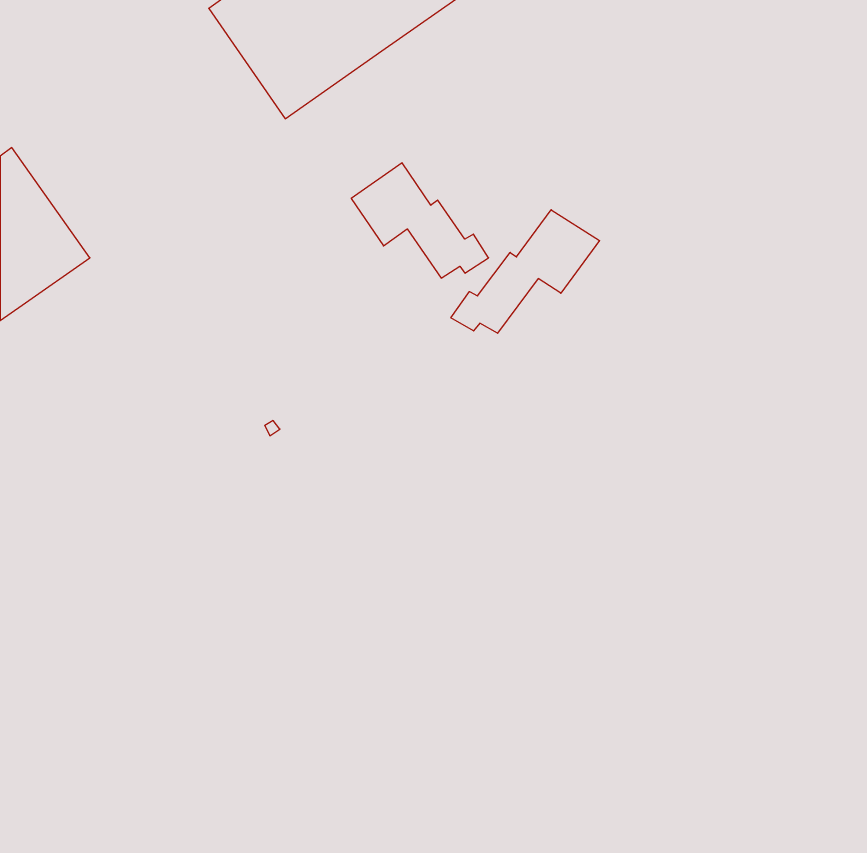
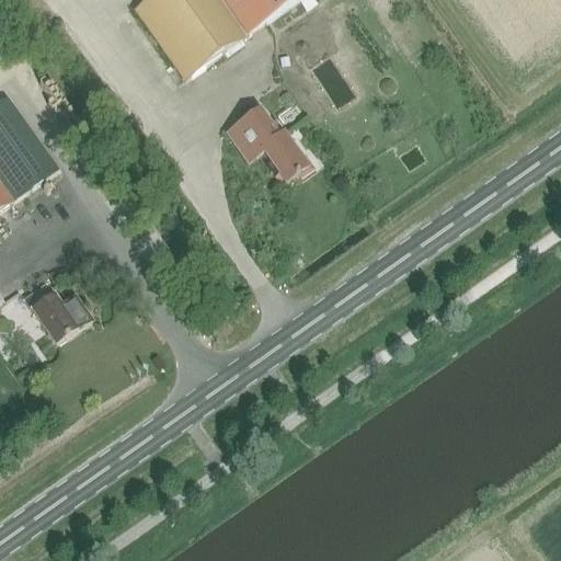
building: [451,210,600,333] -> none
building: none -> [24,282,92,342]

